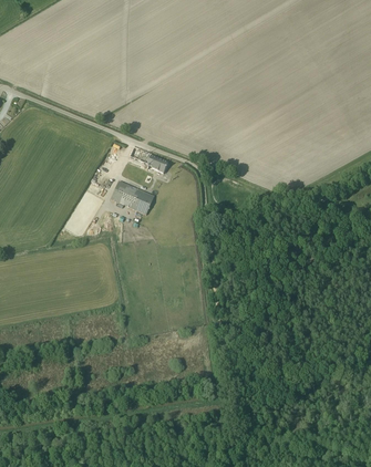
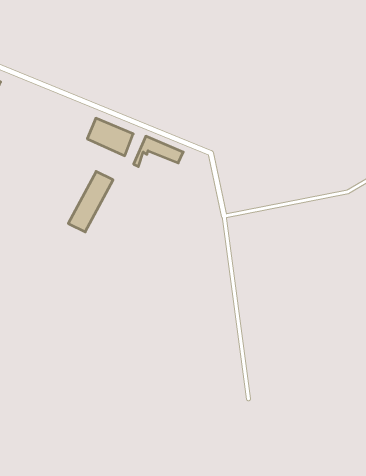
building: [111,181,153,216] -> [87,118,133,156]

